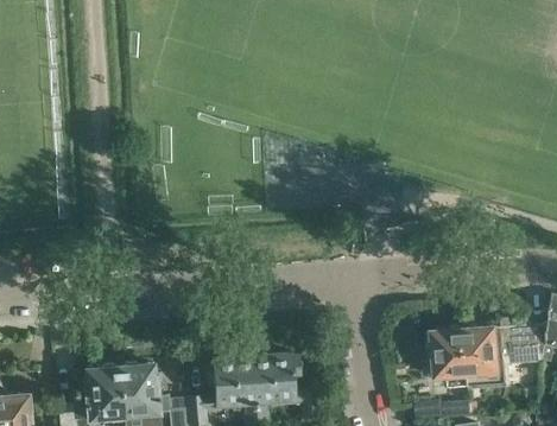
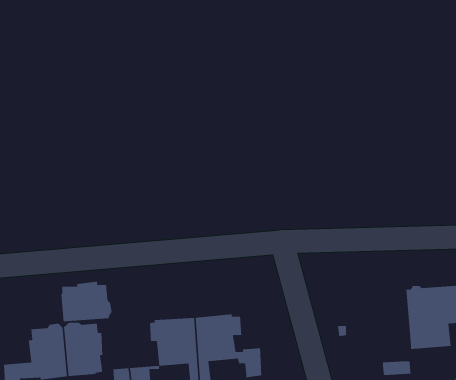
building: none -> [60,281,112,322]
building: [428,325,469,386] -> none

